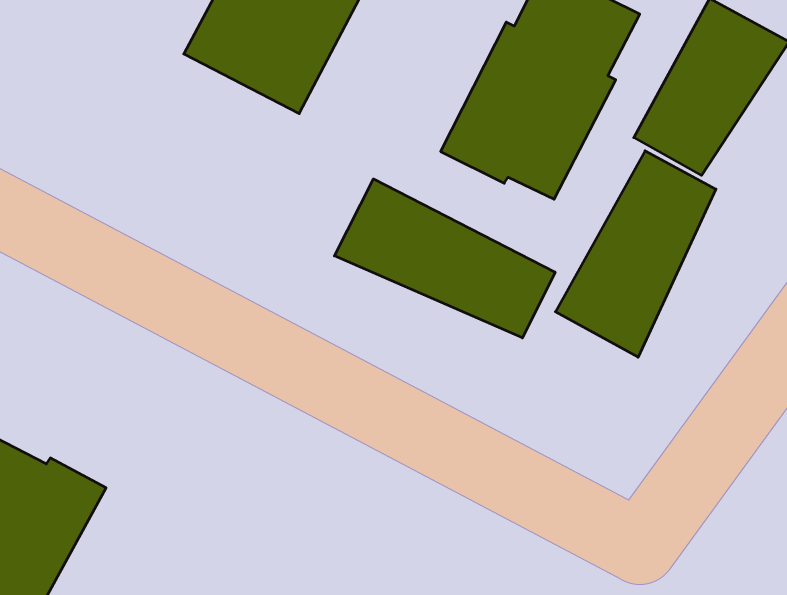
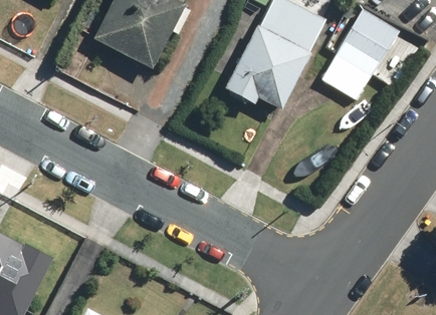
building: [555,151,716,357] -> none
building: [334,179,555,338] -> none

